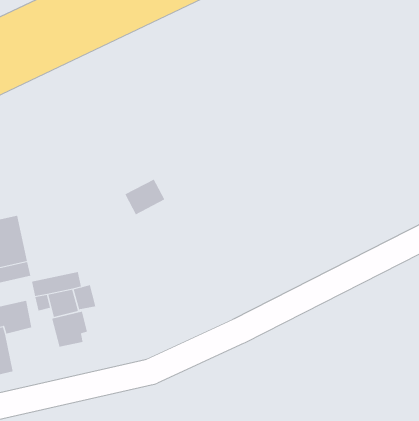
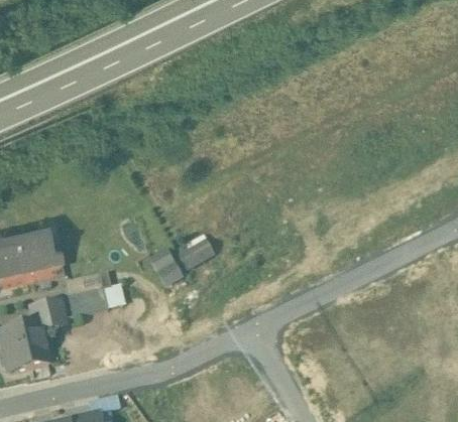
building: [125,179,165,215] -> [180,235,217,268]
building: none -> [155,253,186,286]
building: [52,311,87,347] -> none

